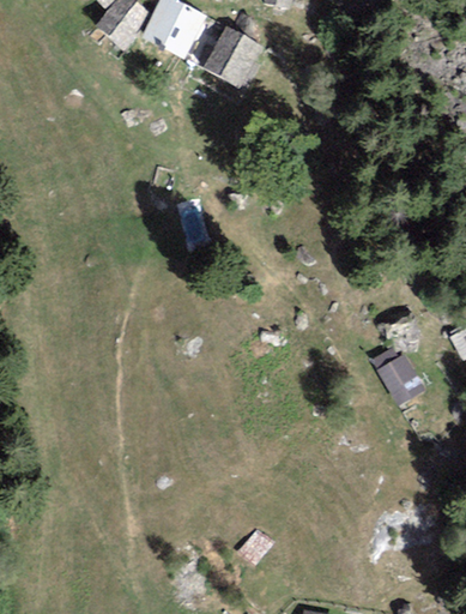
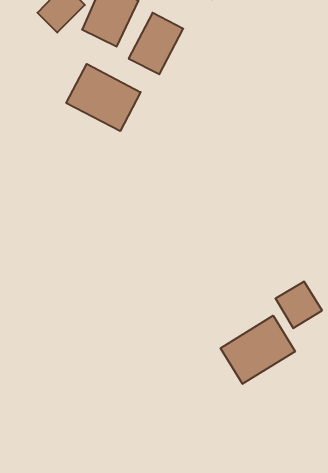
building: none -> [66,64,141,131]
building: none -> [221,316,295,384]

